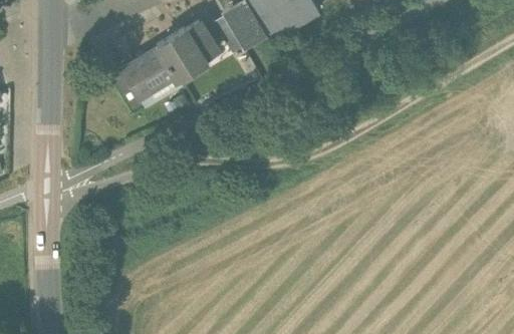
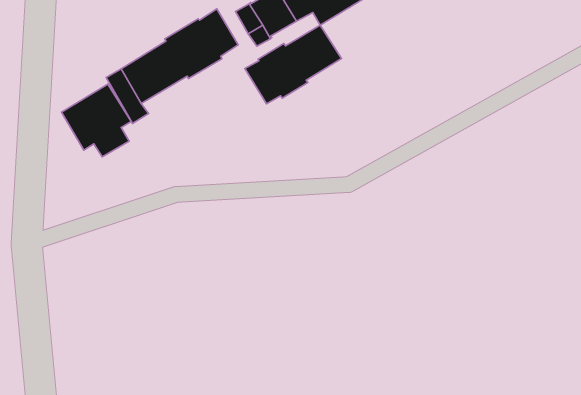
building: none -> [245,25,341,104]
building: none -> [62,84,131,157]

